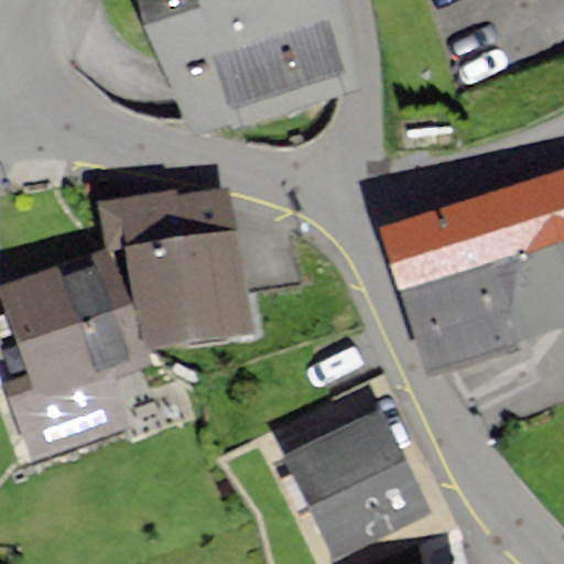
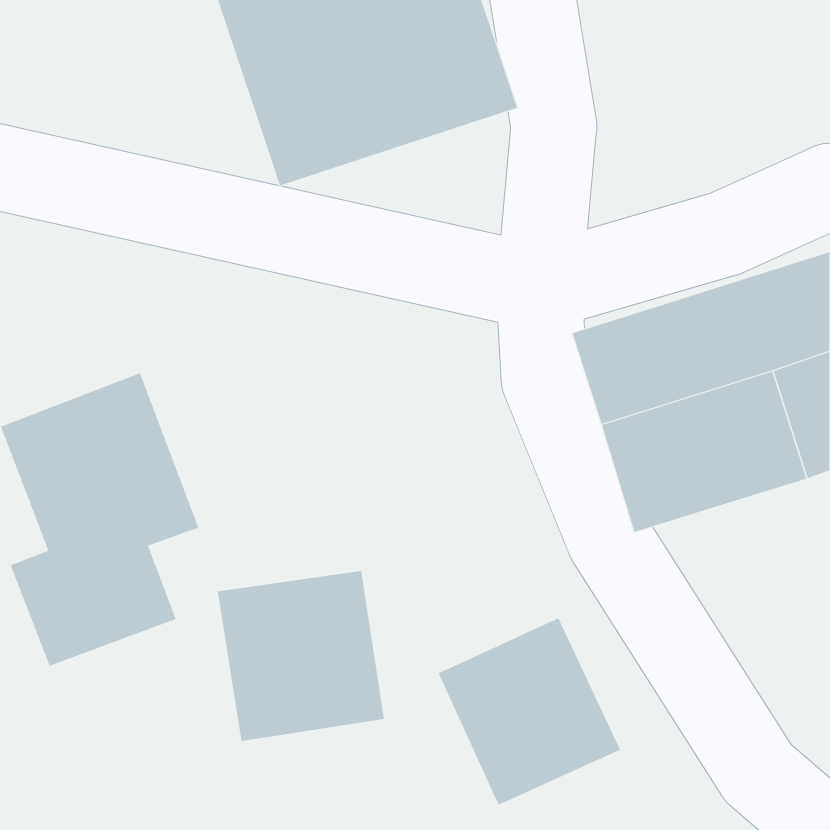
building: [102,188,243,338] -> none
building: none -> [217,570,385,742]

